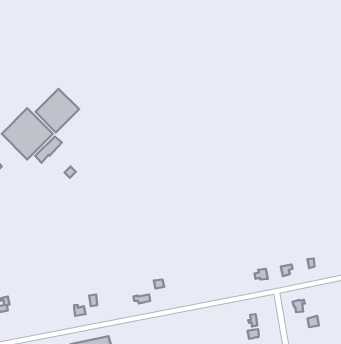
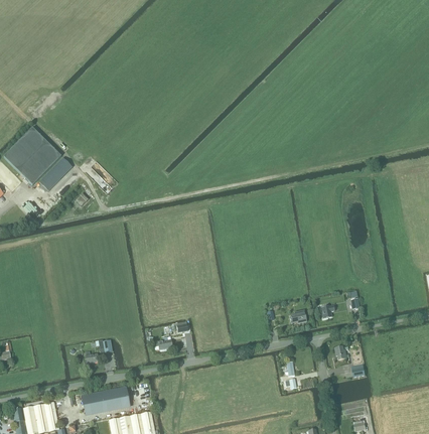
building: [35,89,79,133] -> none

